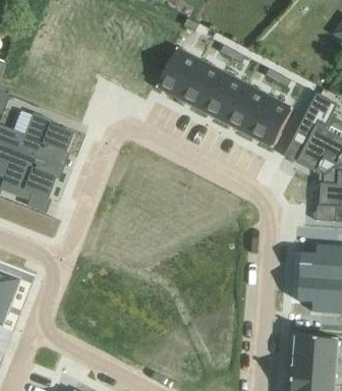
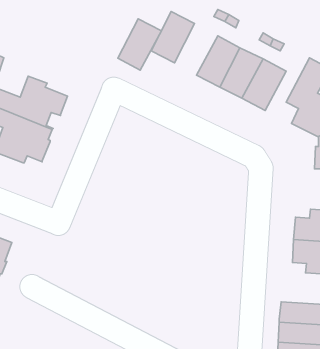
building: [181,59,225,111] -> [118,19,161,70]

